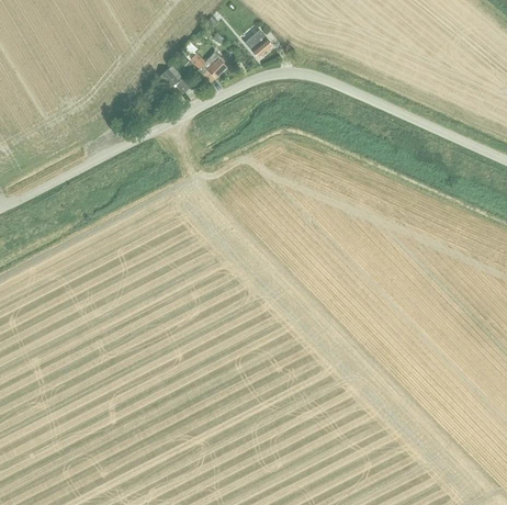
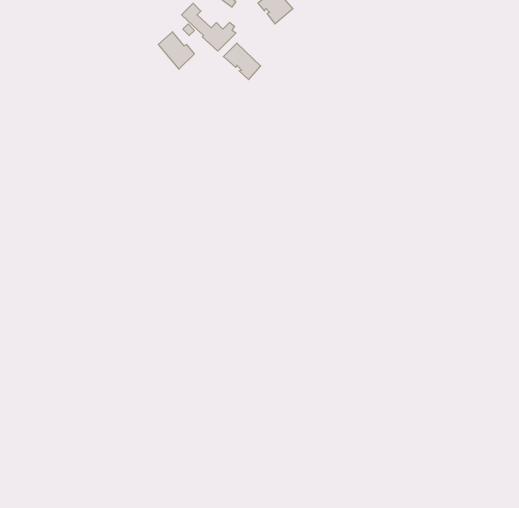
building: none -> [223,43,261,80]

